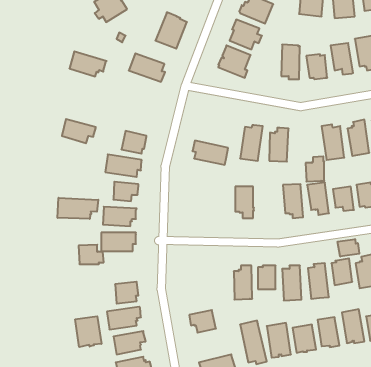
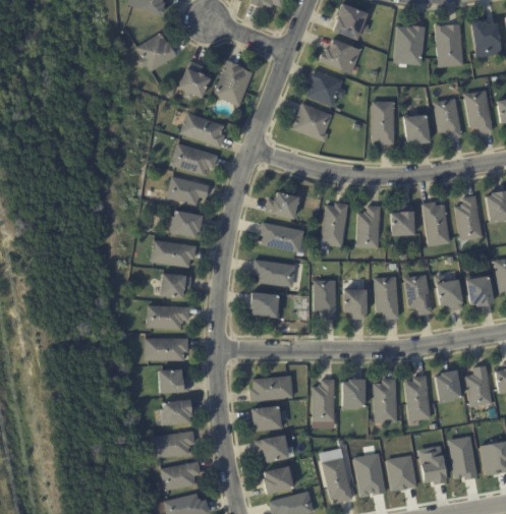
building: none -> [177,59,212,99]
building: [69,51,107,76] -> [171,142,218,174]
building: none -> [265,190,299,219]
building: [62,119,96,143] -> [166,175,209,206]
building: [306,156,324,182] -> [391,204,414,235]
building: none -> [252,259,296,287]
building: none -> [343,288,367,319]
building: none -> [249,291,280,318]
building: [58,198,98,219] -> none
building: [338,239,359,257] -> none
building: [79,245,104,264] -> [158,368,189,393]
building: none -> [249,375,293,401]
building: none -> [250,405,284,432]
building: [75,316,101,347] -> none
building: none -> [263,465,295,496]

